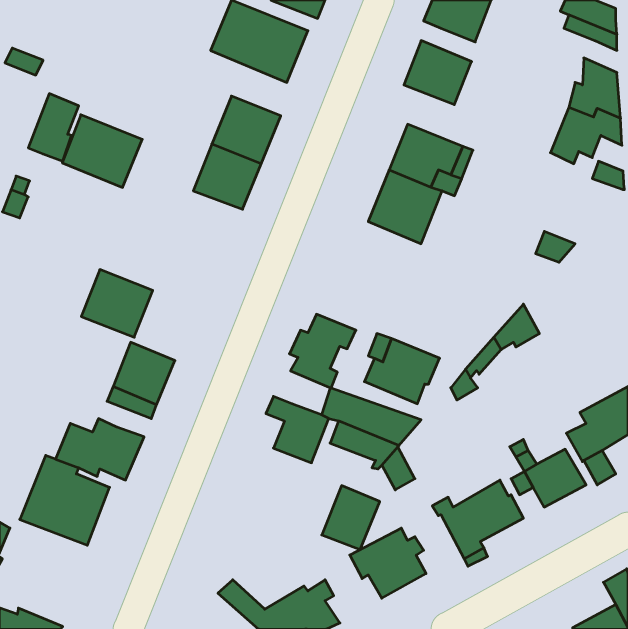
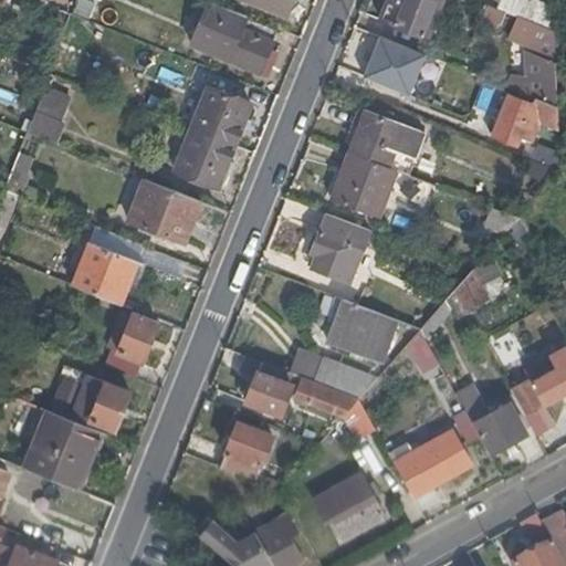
building: [62,115,142,187] -> [129,179,201,244]
building: [289,314,356,388] -> [310,218,369,284]
building: [322,486,380,550] -> [220,423,272,481]

